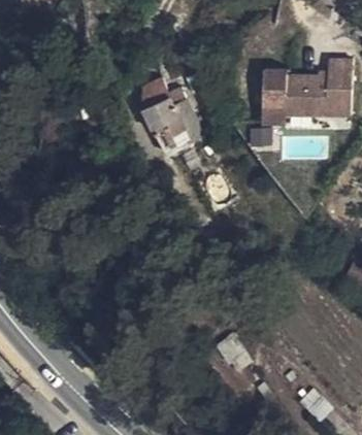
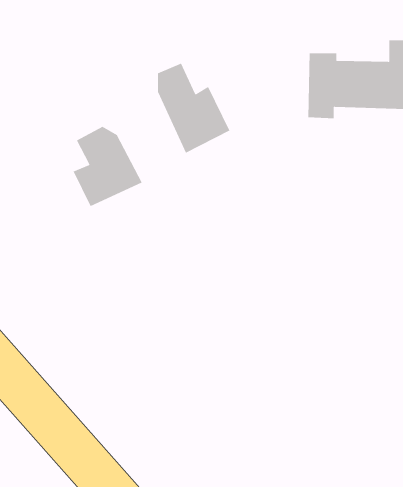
building: none -> [73,126,143,207]

